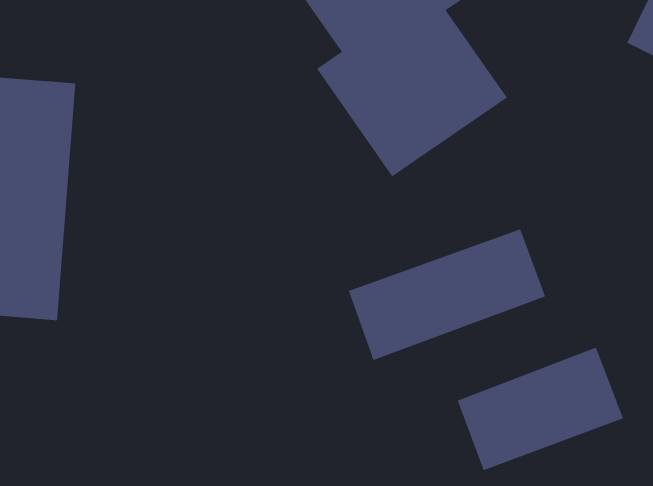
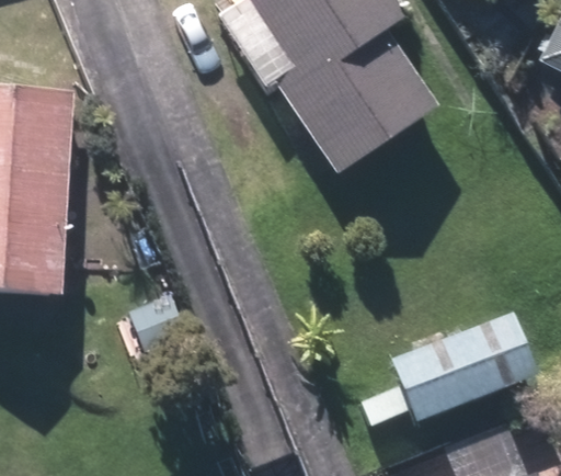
building: [348,228,546,361] -> none

